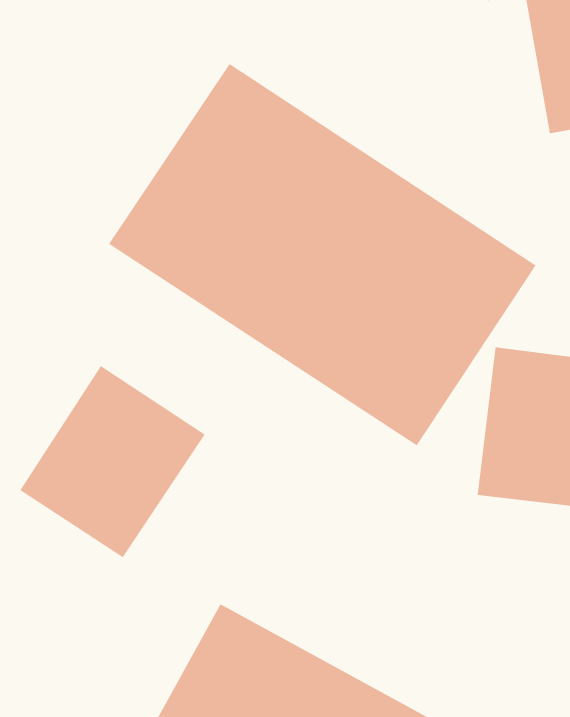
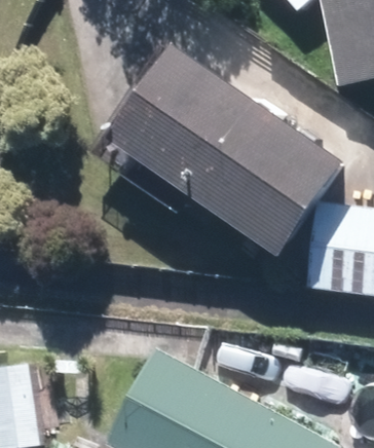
building: [20,365,205,558] -> none

